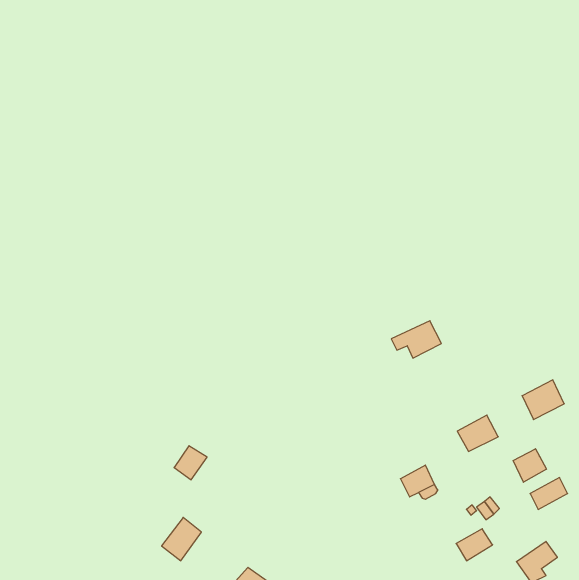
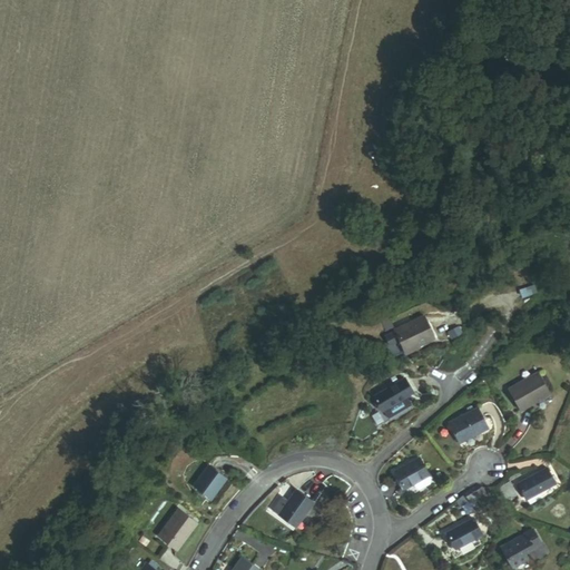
building: none -> [373,380,411,419]
building: [174,446,207,480] -> [194,465,226,499]
building: [513,449,546,482] -> none
building: none -> [275,488,312,525]

